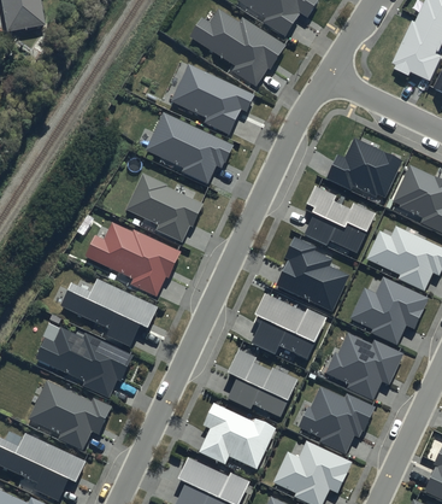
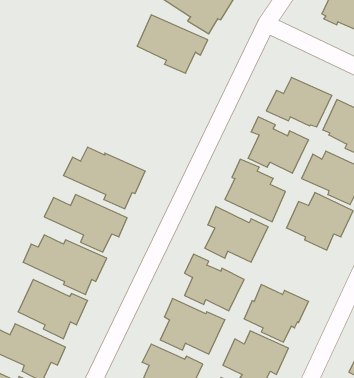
building: [146,112,235,183] -> none
building: [126,172,205,242] -> none
building: [325,333,403,402] -> none

